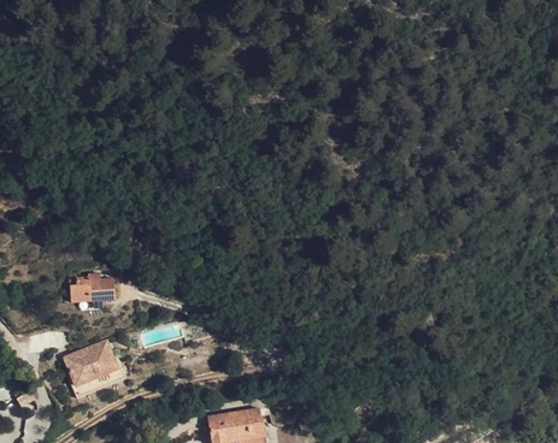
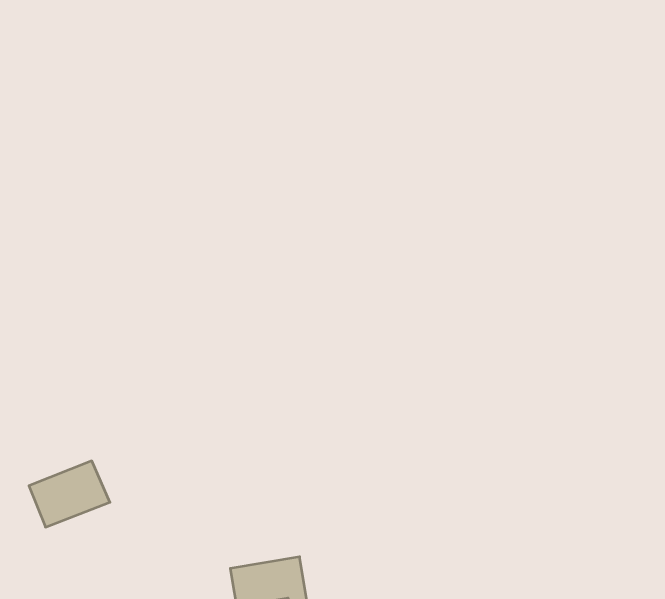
building: [69,273,116,302] -> none

